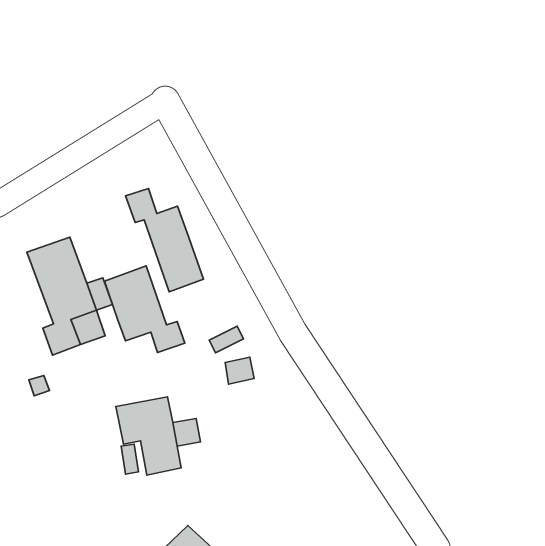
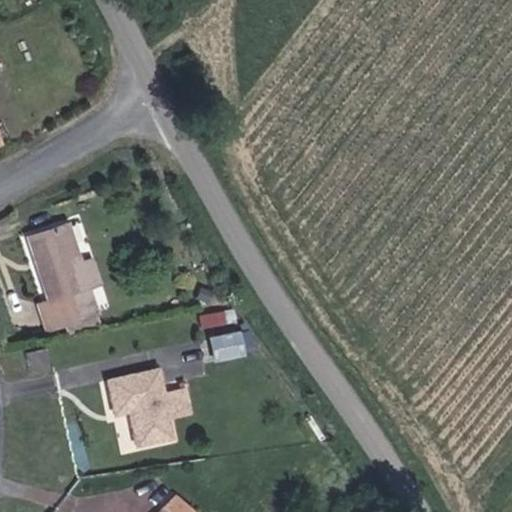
building: [126,188,203,292] -> none
building: [105,266,185,353] -> none

